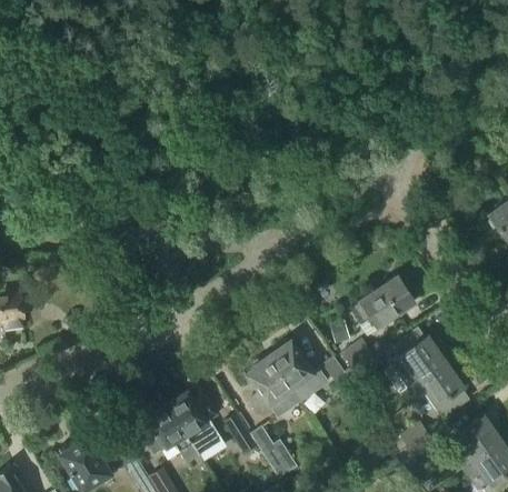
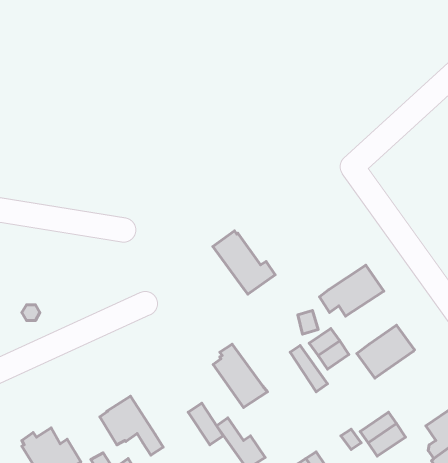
building: [267,339,328,401] -> [213,231,275,294]
building: [399,360,470,416] -> none
building: [167,385,218,455] -> none

